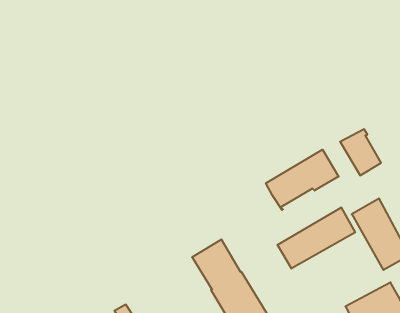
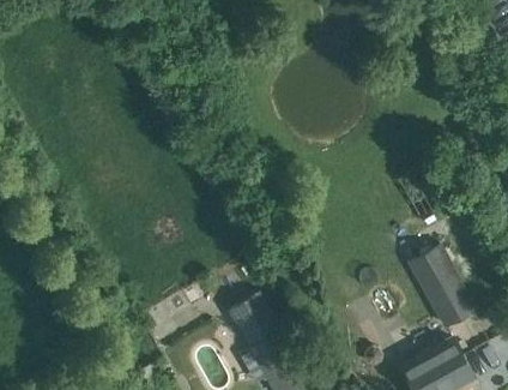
building: [266,150,339,210] -> none
building: [278,207,355,269] -> none

